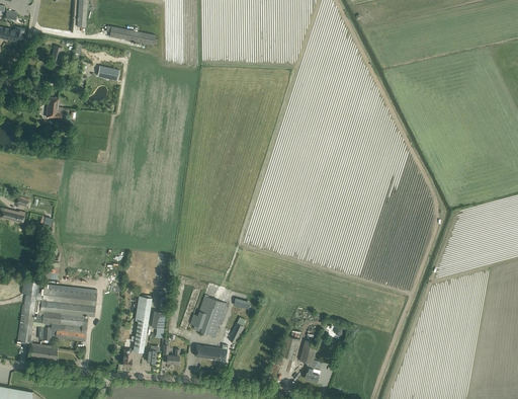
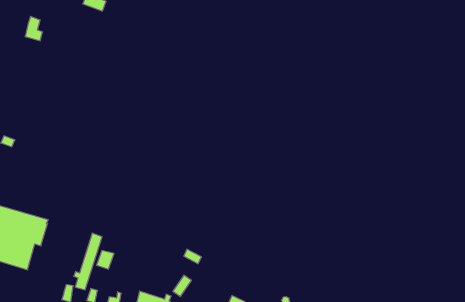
building: [189,296,226,337] -> none

